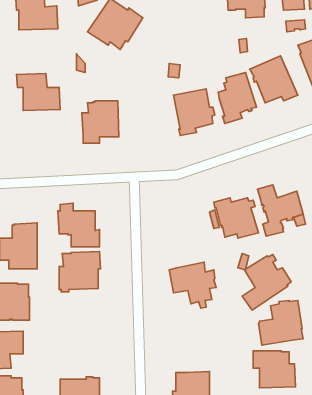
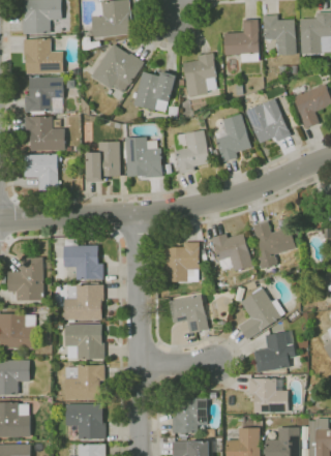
building: none -> [182,52,217,96]
building: none -> [132,70,177,112]
building: none -> [24,74,64,114]
building: none -> [122,134,162,178]
building: none -> [24,153,58,190]
building: none -> [164,241,200,281]
building: none -> [64,324,103,359]
building: none -> [65,365,104,399]

